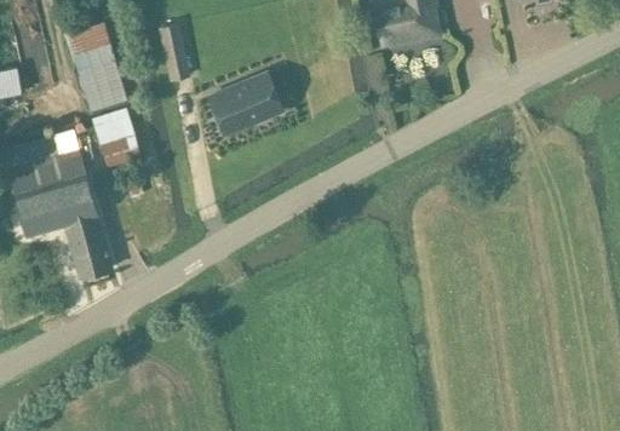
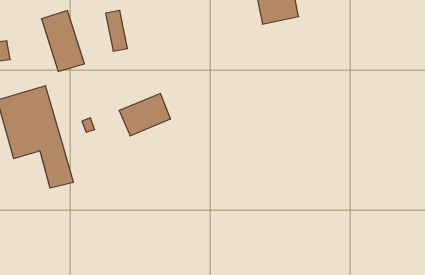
building: [208,74,282,134] -> [119,94,171,136]
building: [91,110,140,169] -> none

